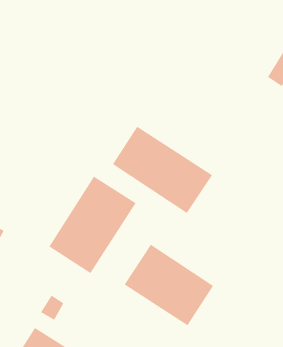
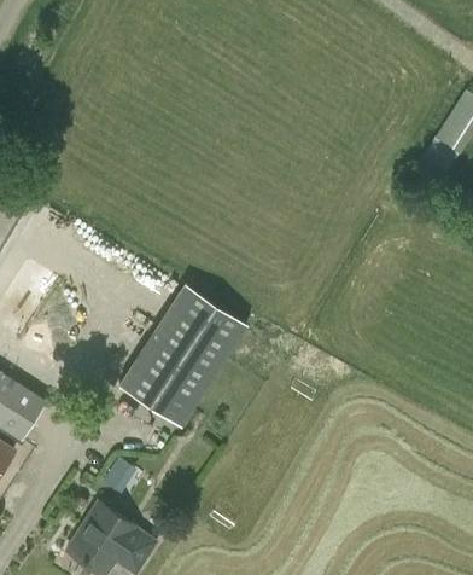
building: [112,126,213,214] -> none
building: [124,244,214,326] -> none

